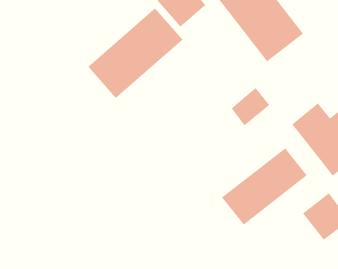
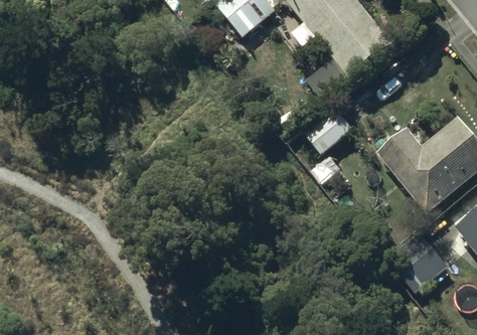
building: [88,8,183,99] -> none
building: [221,147,308,226] -> none

